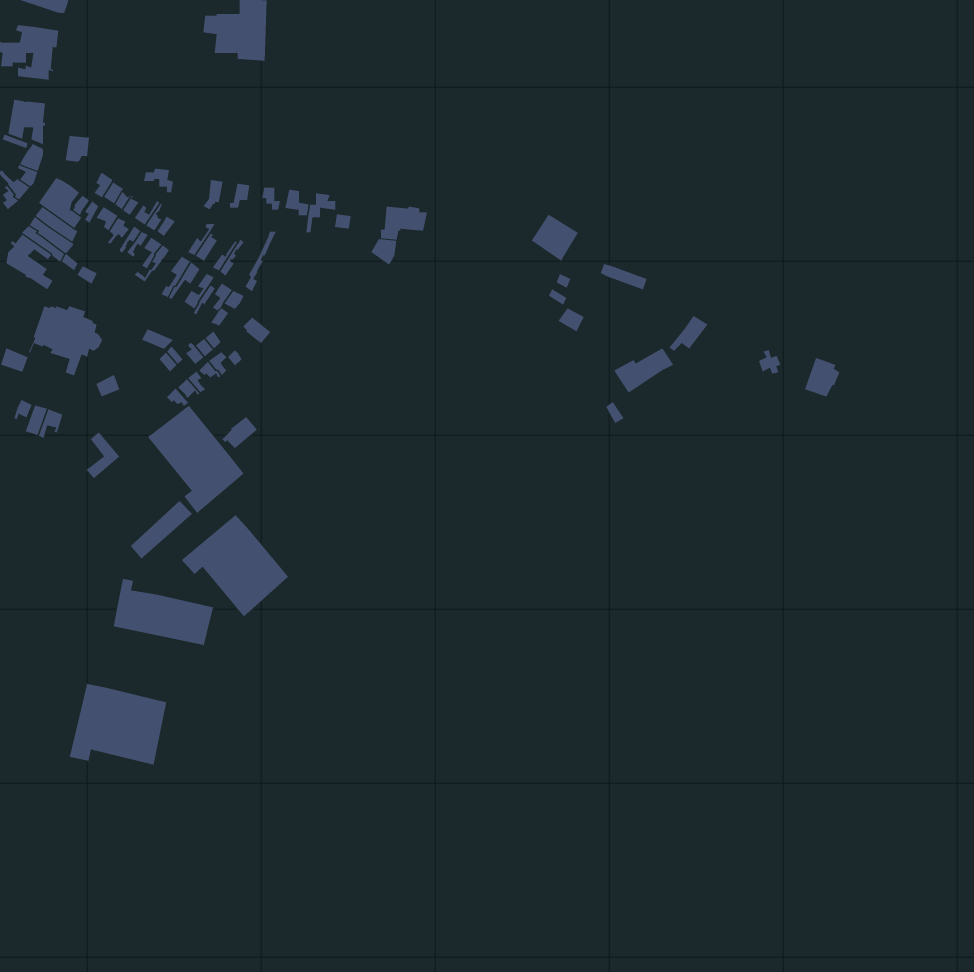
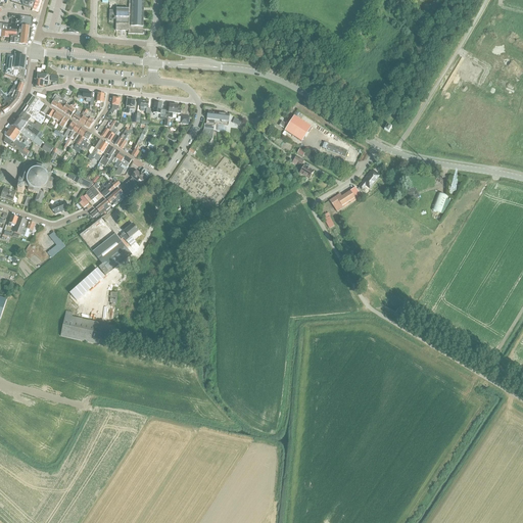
building: [181,514,289,617] -> none
building: [69,683,167,765] -> none

